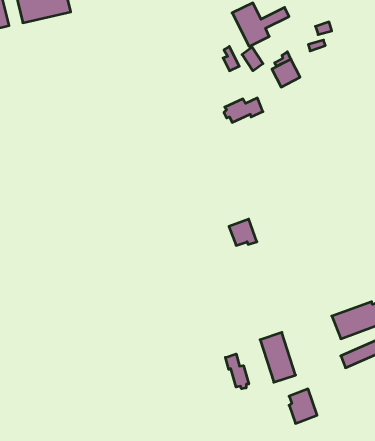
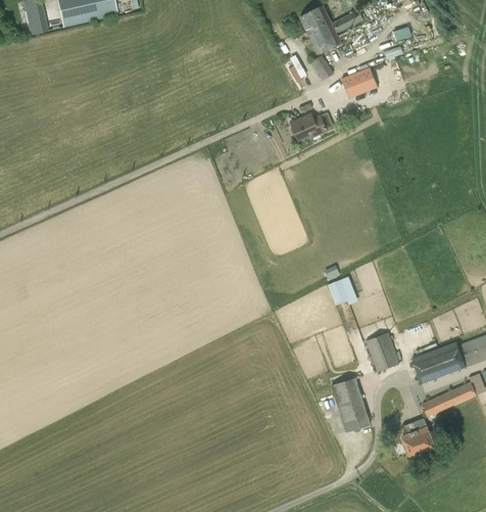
building: [229,219,257,245] -> [328,275,359,305]
building: none -> [366,331,400,371]
building: [225,354,249,389] -> none
building: [289,389,317,423] -> [403,417,435,456]

